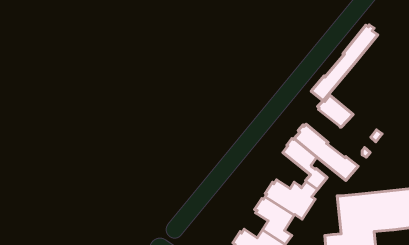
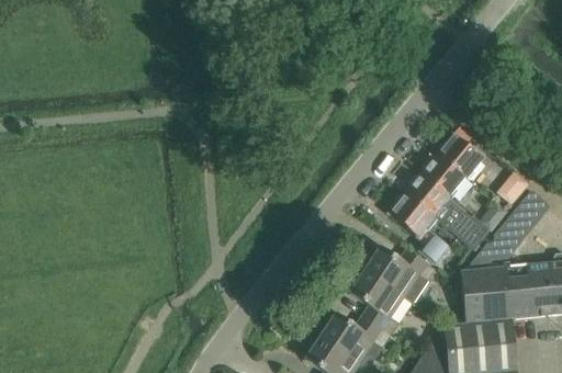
building: [311,25,378,101] -> none
building: none -> [420,152,467,197]
building: none -> [468,192,550,270]

